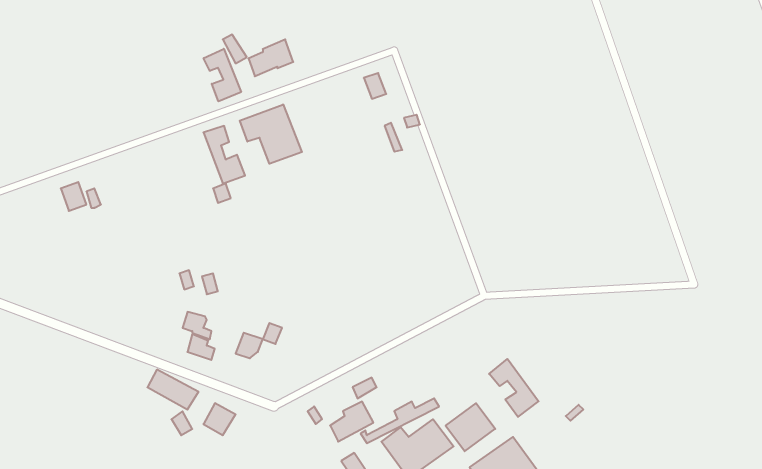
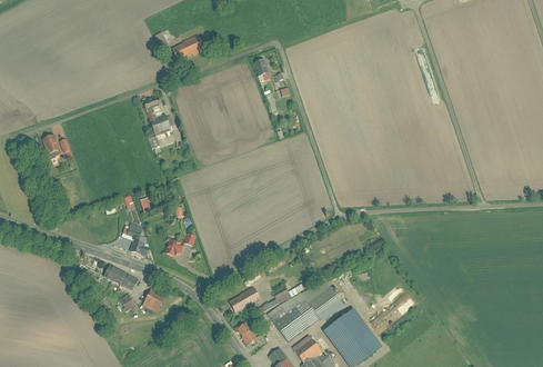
building: [204,49,241,101] -> none
building: [240,104,302,164] -> none
building: [489,359,539,417] -> none

